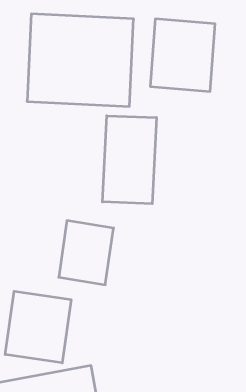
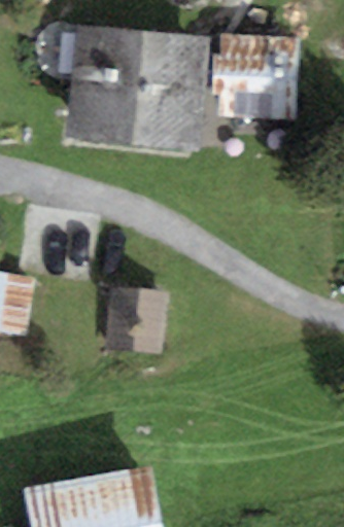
building: [102,116,156,204] -> none
building: [5,291,71,363] -> none

